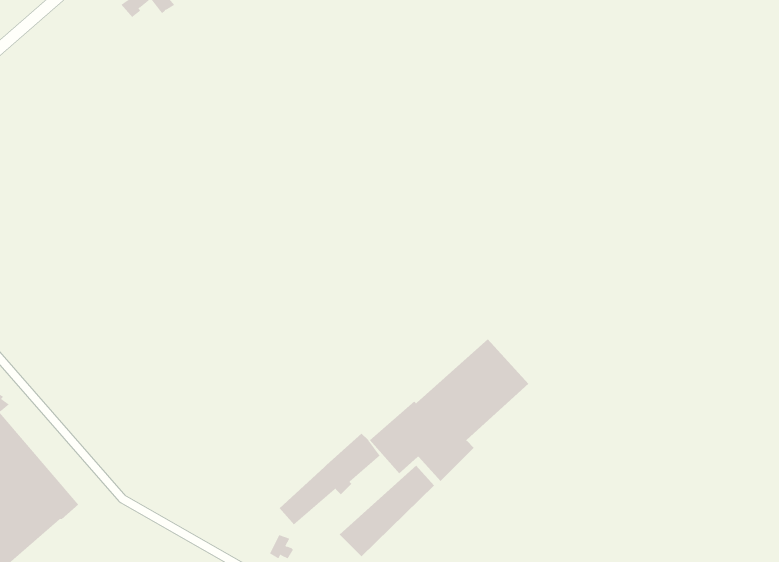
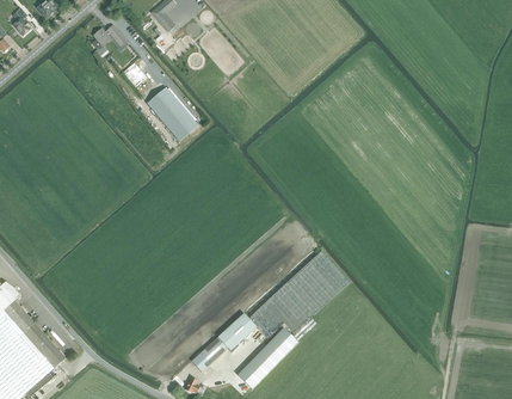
building: none -> [147,87,197,140]

